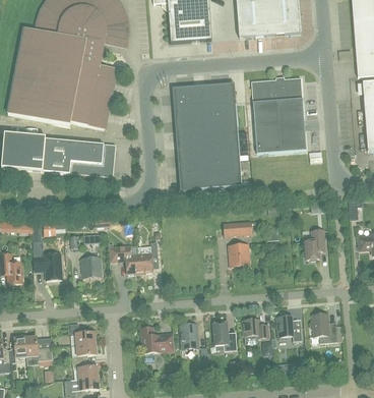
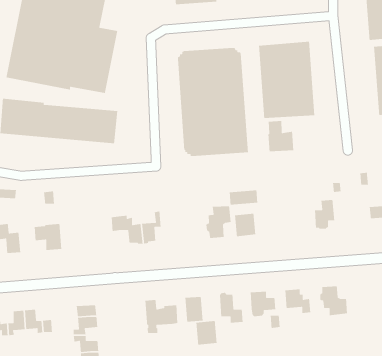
building: none -> [267,120,294,152]
building: none -> [205,205,231,239]
building: [81,257,102,278] -> none
building: none -> [195,320,217,345]

